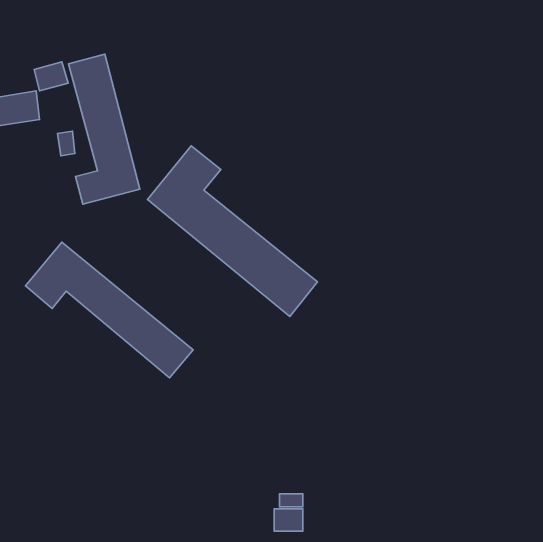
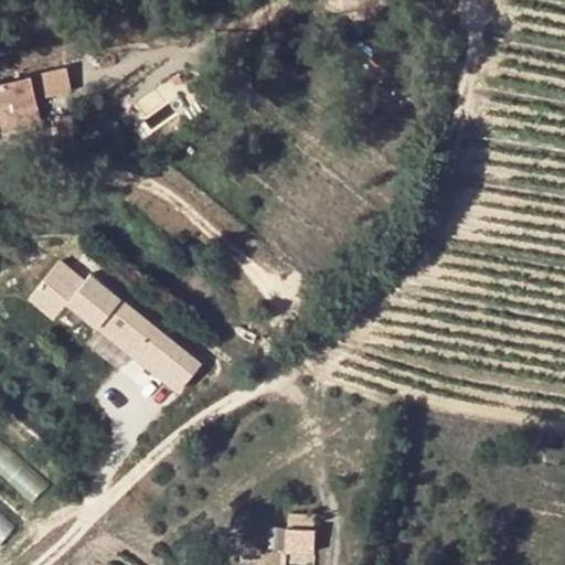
building: [69,54,140,204] -> none
building: [148,146,318,316] -> none

